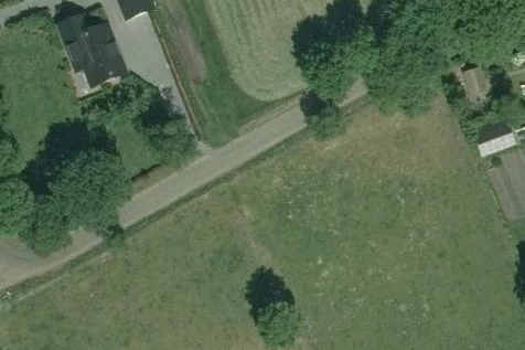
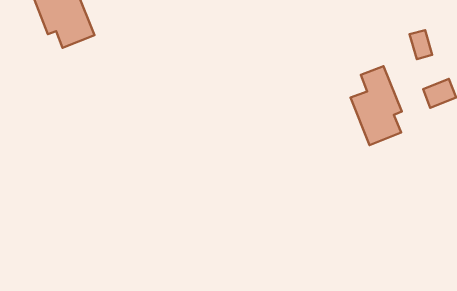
building: none -> [350,66,402,145]

